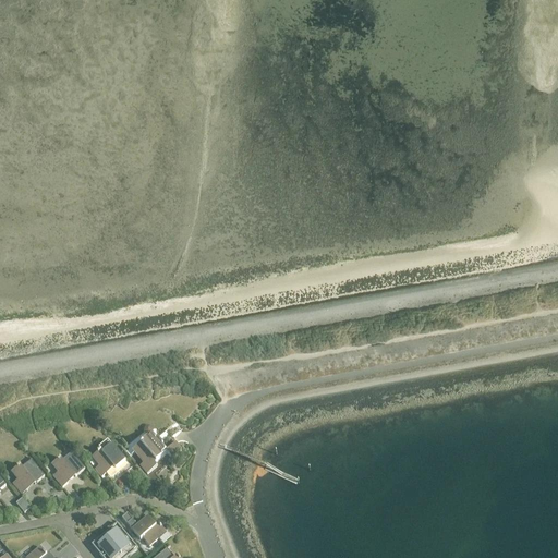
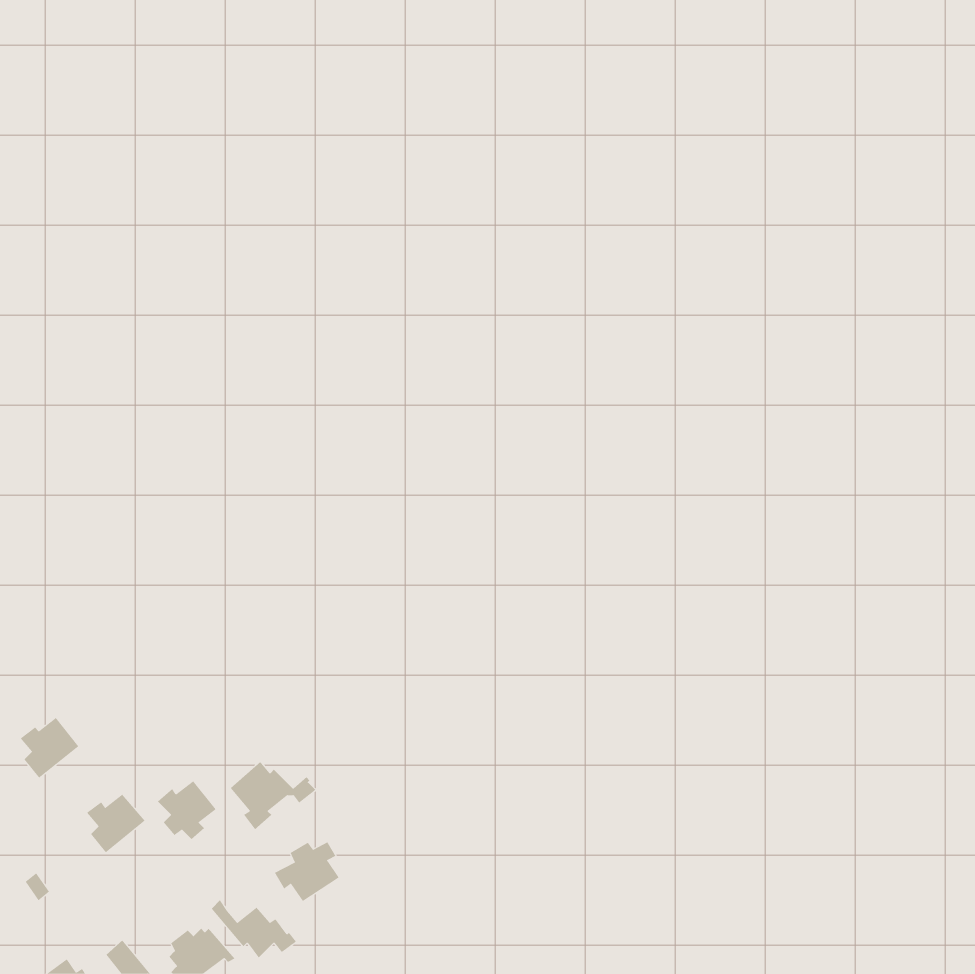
building: [9,458,43,493] -> [20,717,79,779]
building: none -> [274,842,340,902]

